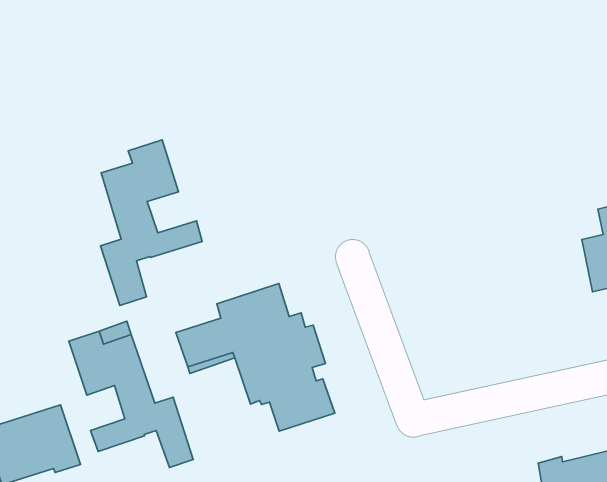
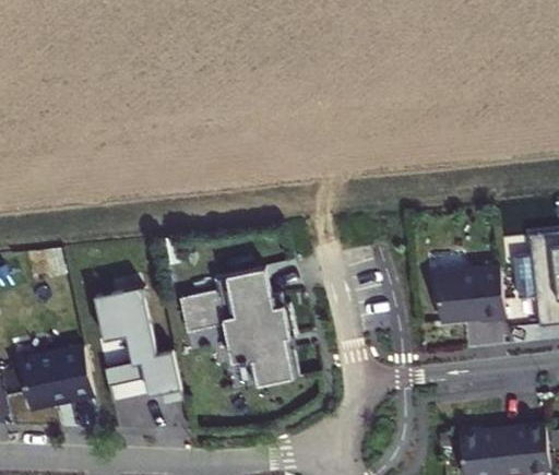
building: [101,140,202,305] -> none
building: none -> [432,268,503,323]

